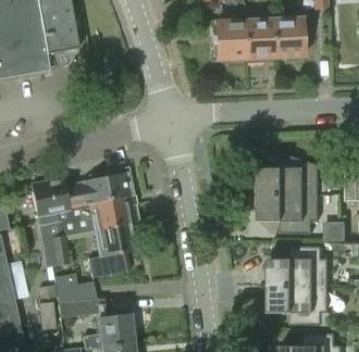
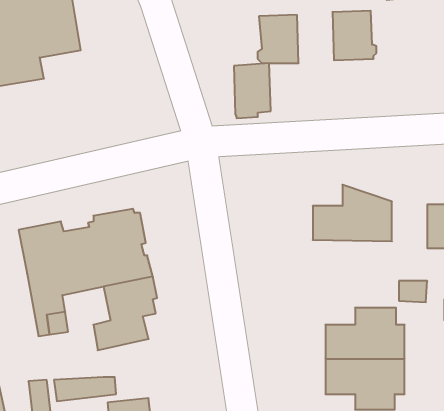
building: [245,18,273,61] -> [234,63,271,118]
building: [257,193,318,232] -> none
building: [55,281,96,301] -> none

